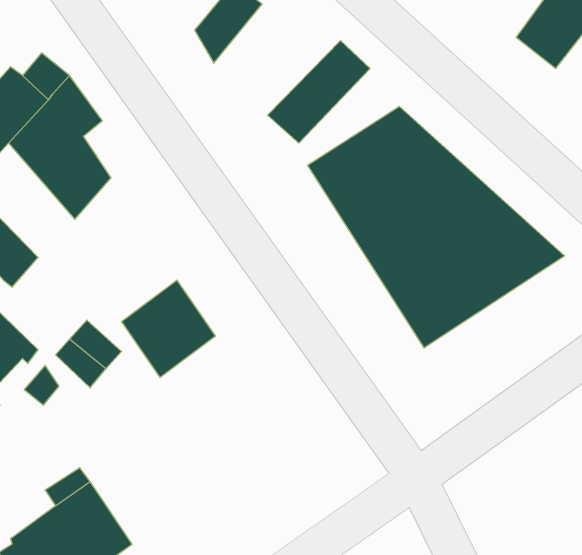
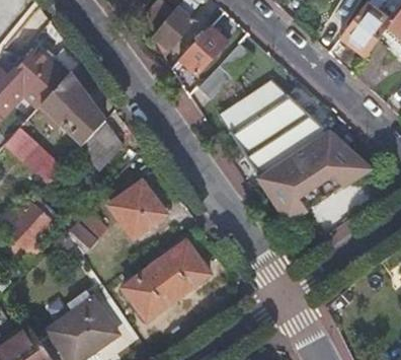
building: none -> [178,22,226,73]
building: none -> [81,121,123,171]
building: none -> [122,240,209,319]

